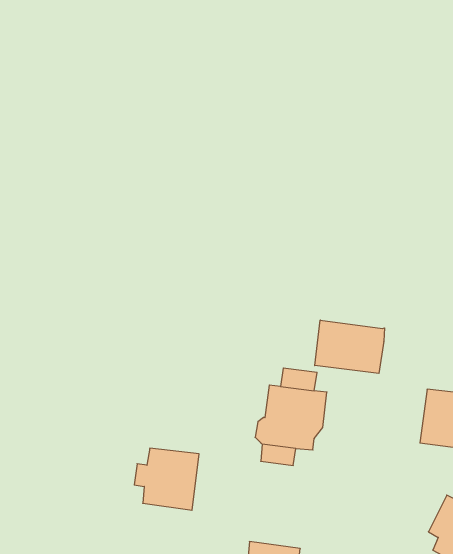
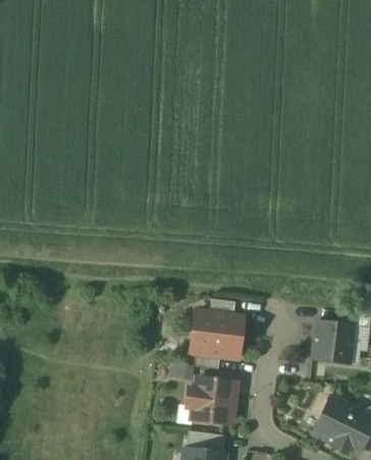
building: [315,320,384,373] -> none
building: [134,448,199,510] -> [187,378,233,423]

